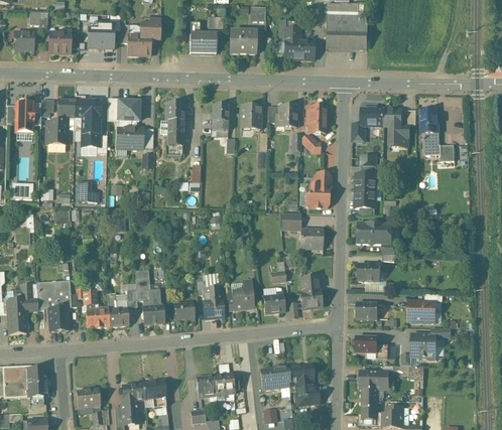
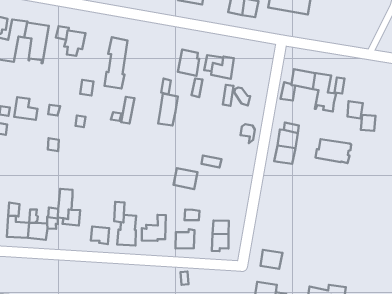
building: [212,104,228,136] -> [158,93,178,126]
building: [305,107,326,133] -> none
building: [420,108,441,134] -> none
building: [117,120,143,149] -> none
building: [306,185,327,208] -> none
building: [356,223,391,244] -> [316,139,351,163]
building: [299,230,323,249] -> [173,168,197,189]
building: [357,264,380,282] -> none
building: [407,300,434,321] -> none
building: [142,305,164,324] -> none

